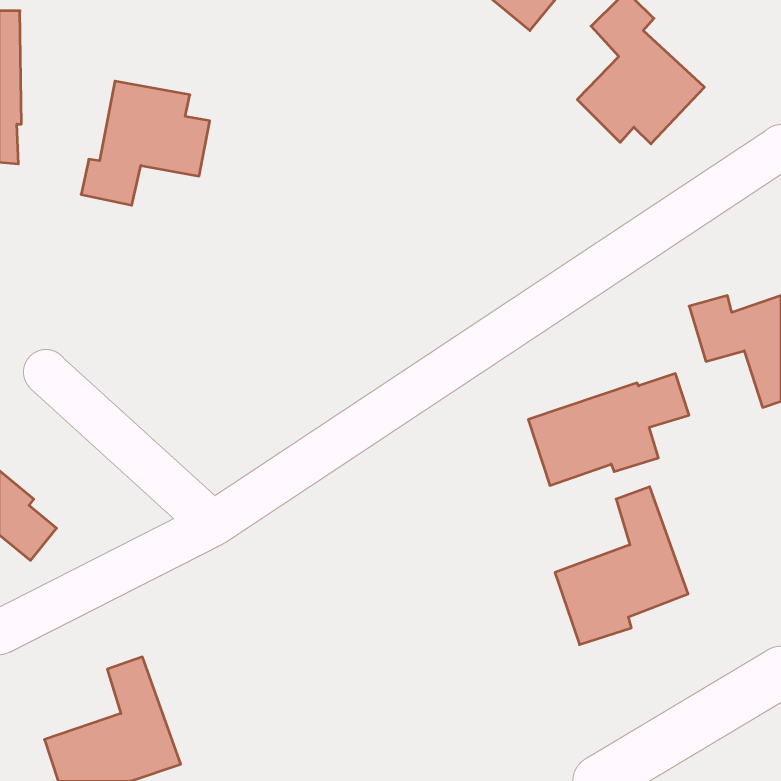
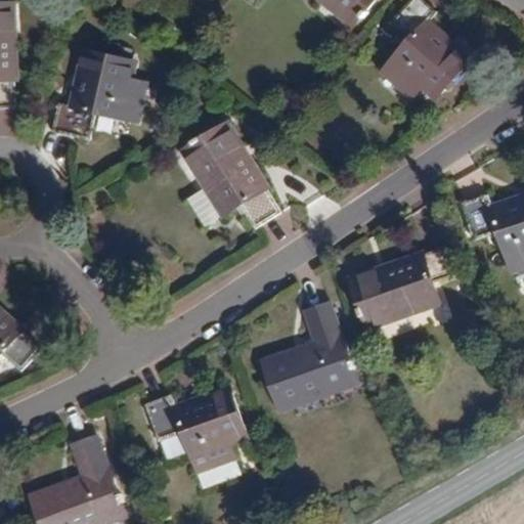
building: none -> [187,117,276,223]
building: [555,487,688,645] -> [265,306,354,411]
building: none -> [144,392,247,472]

